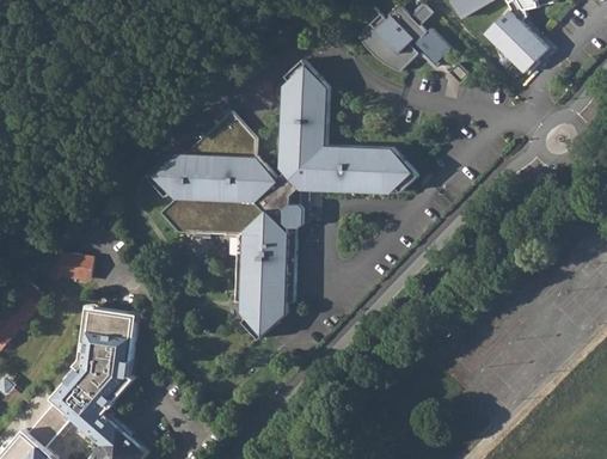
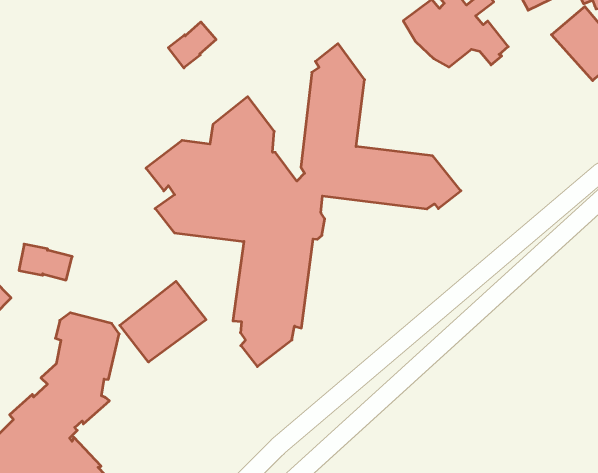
building: none -> [168,22,216,68]
building: none -> [120,281,206,362]

